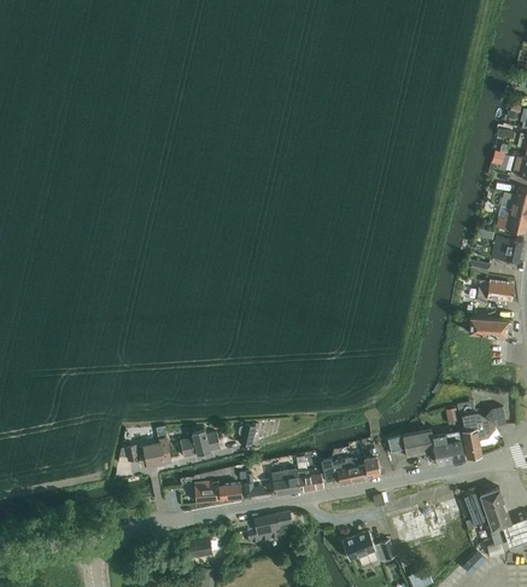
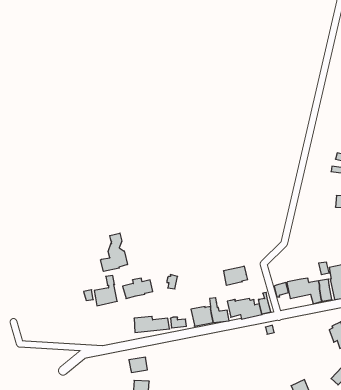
building: none -> [100,233,127,271]
building: none -> [224,266,248,285]
building: [247,511,292,541] -> none
building: [341,530,394,560] -> none

